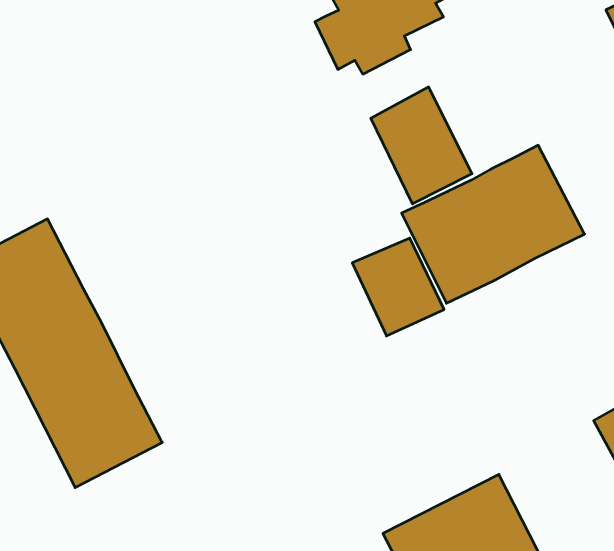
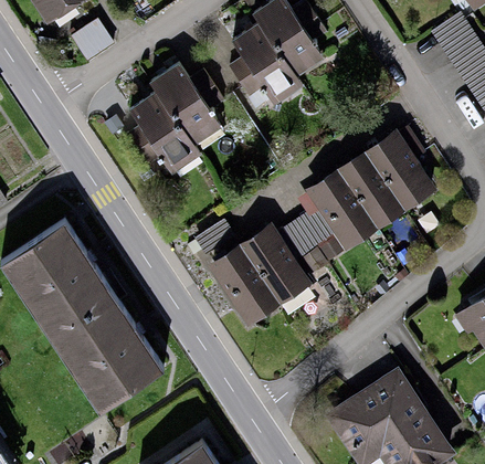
building: none -> [126,64,224,166]
building: [371,87,472,204] -> none
building: none -> [208,224,309,324]

